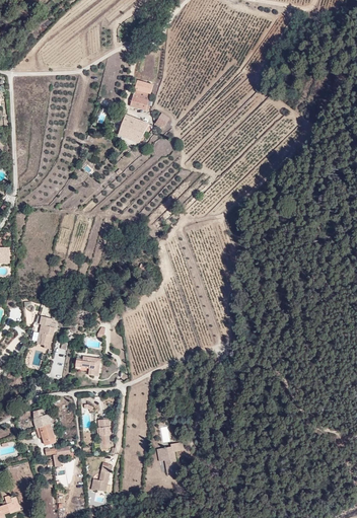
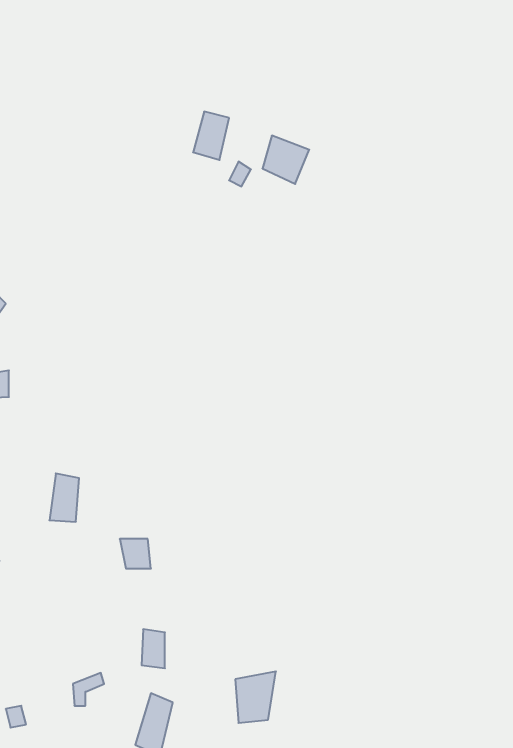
building: [119,114,149,145] -> [262,136,309,184]
building: [31,409,53,446] -> none

